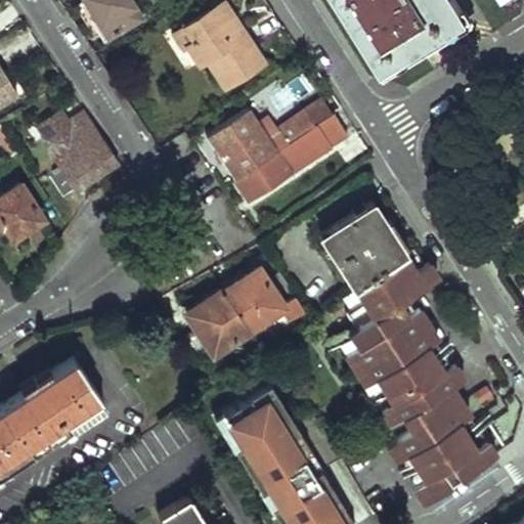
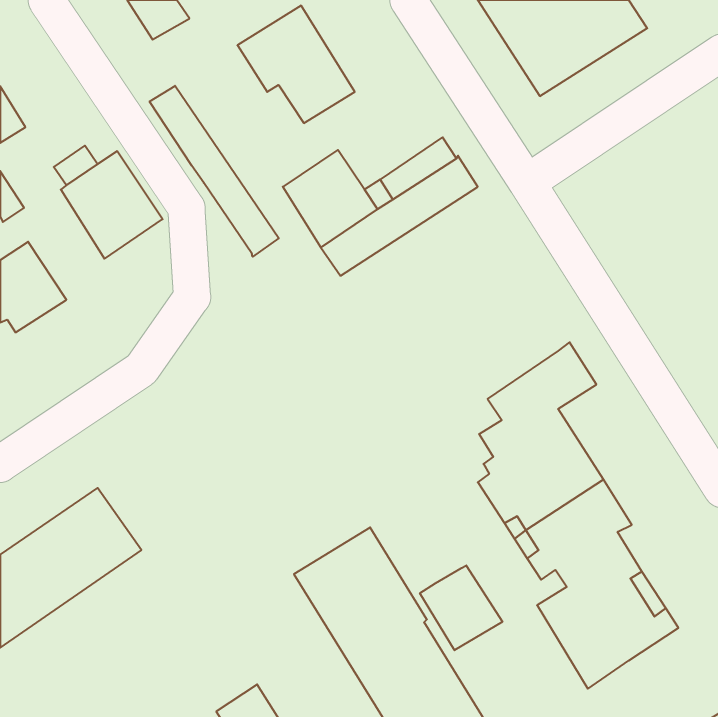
building: none -> [150,86,279,257]
building: [322,204,406,292] -> none
building: [182,262,308,363] -> none
building: none -> [420,565,502,650]

